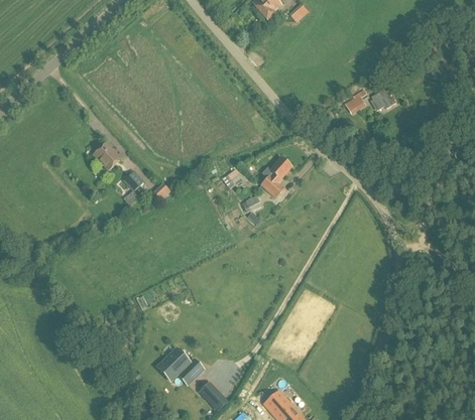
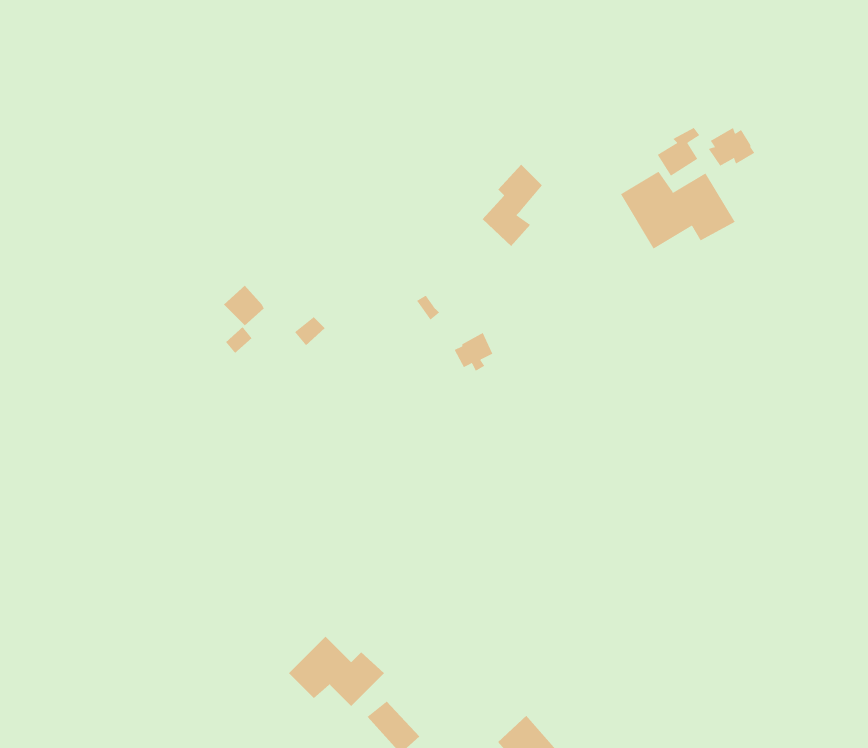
building: none -> [620,171,735,249]
building: [93,141,120,169] -> none
building: [260,155,291,197] -> [482,164,543,247]

